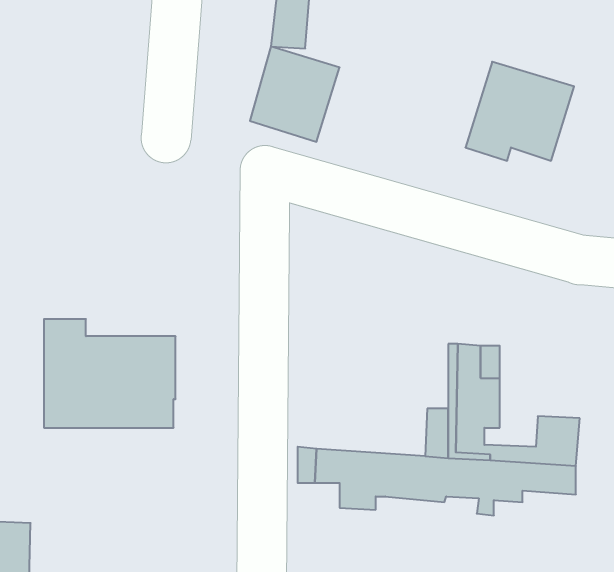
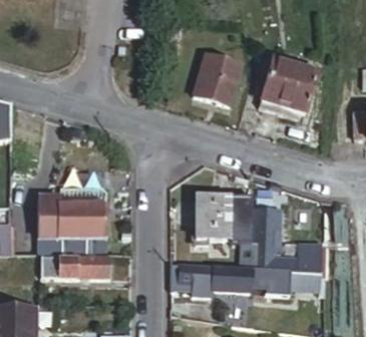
building: [250,46,340,142] -> [196,53,243,103]
building: none -> [197,198,230,239]
building: none -> [39,255,108,277]

